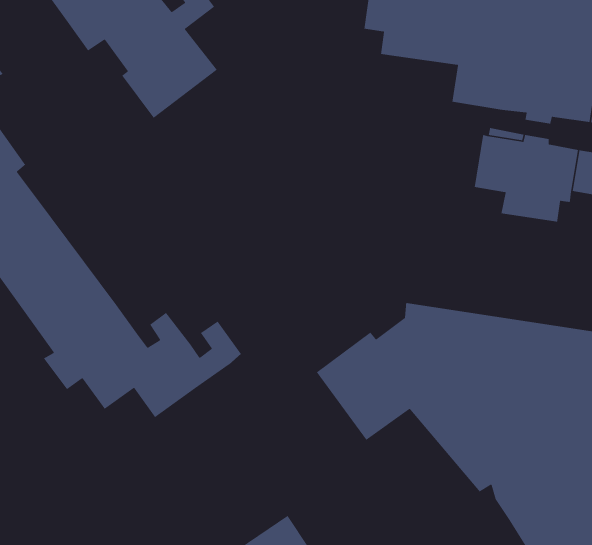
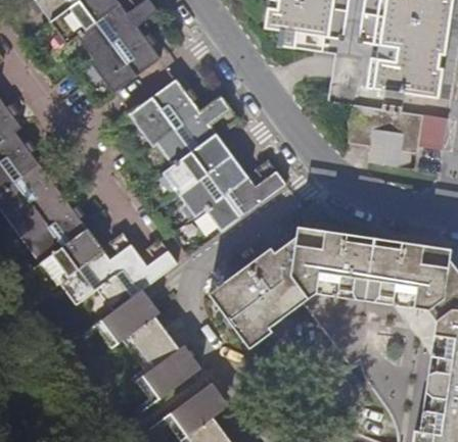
building: none -> [128,80,285,232]
building: none -> [210,277,271,347]
building: none -> [101,289,200,398]

